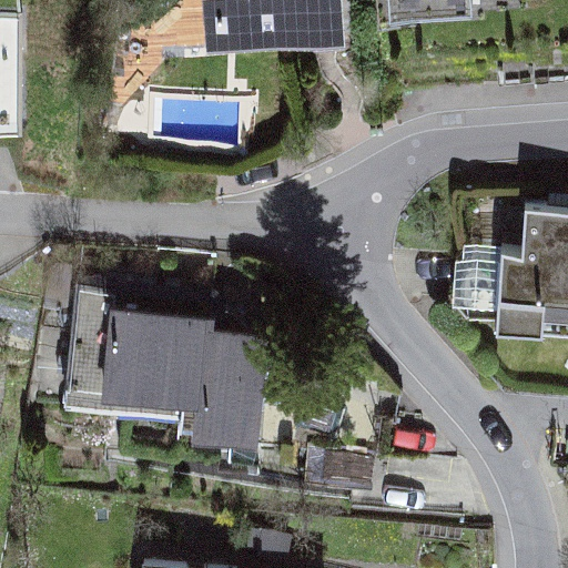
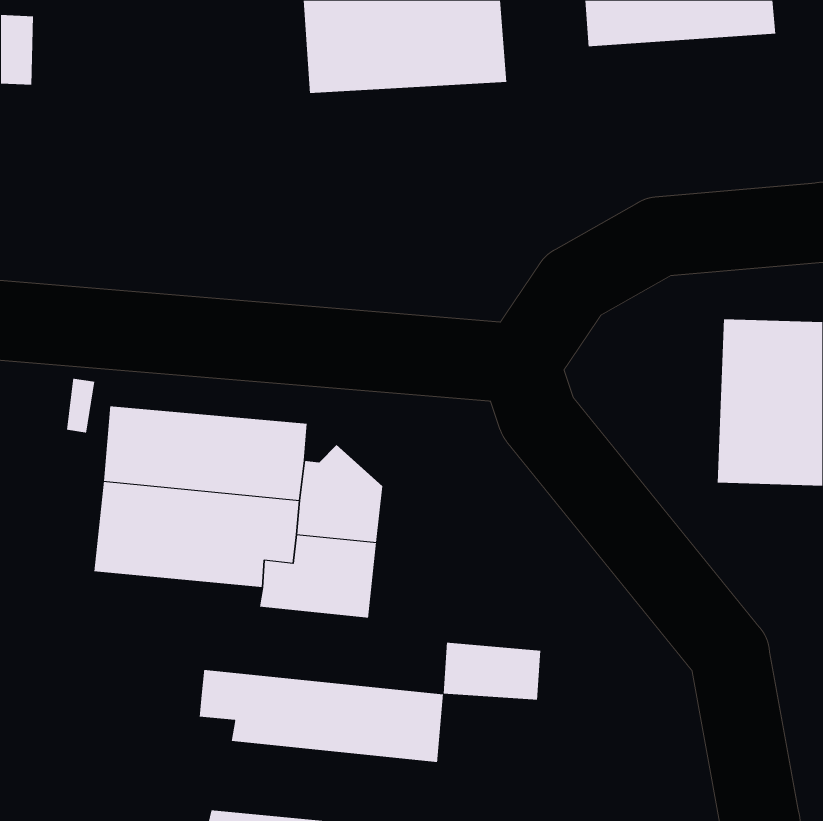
building: none -> [199,669,444,763]

